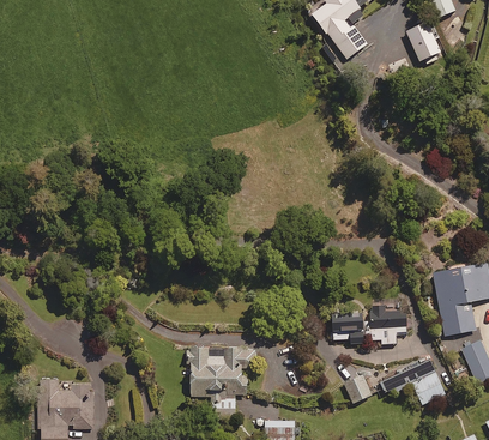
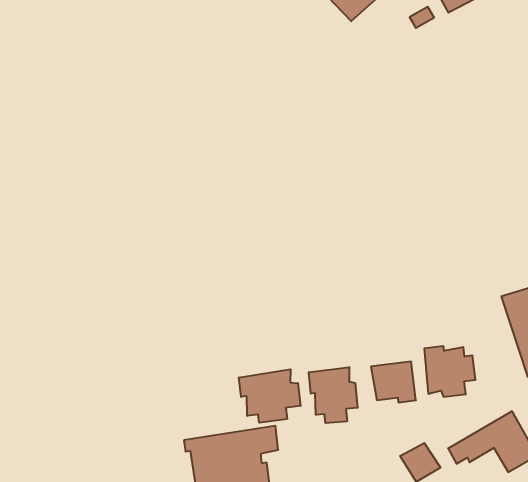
building: none -> [239,369,301,423]
building: none -> [309,367,357,423]

